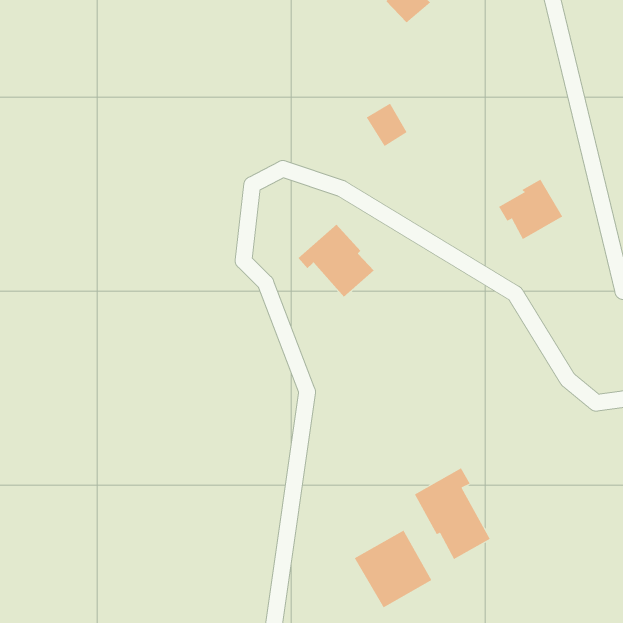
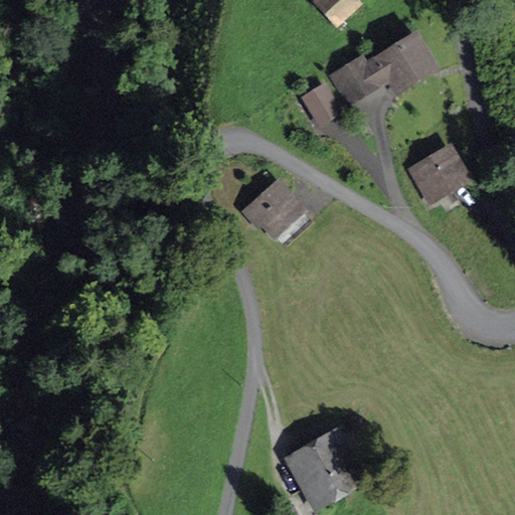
building: none -> [332,35,428,101]
building: [414,468,491,560] -> none

